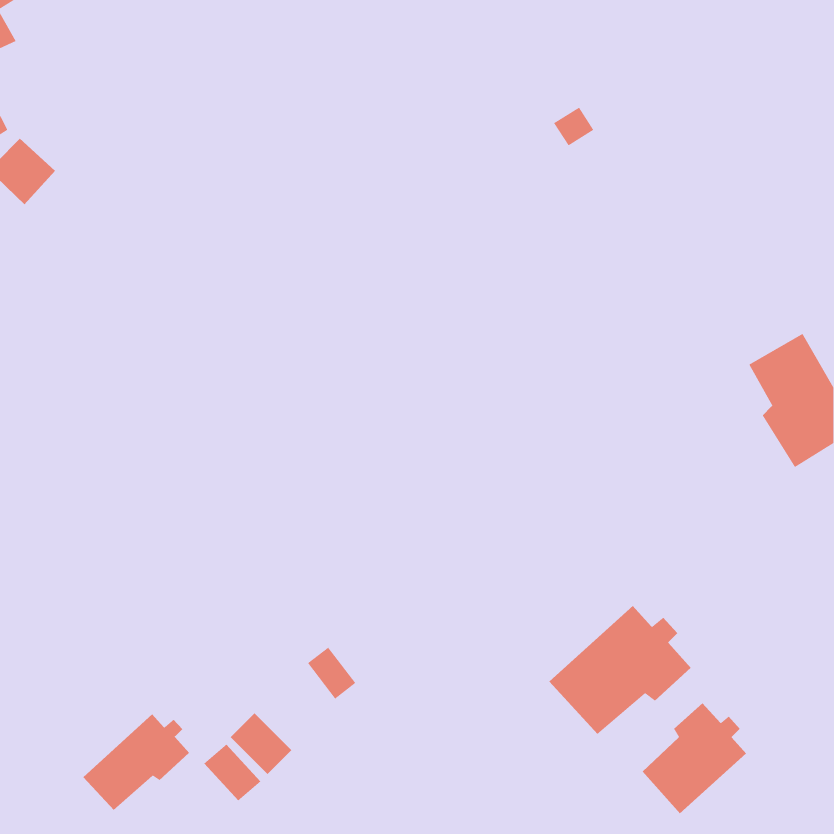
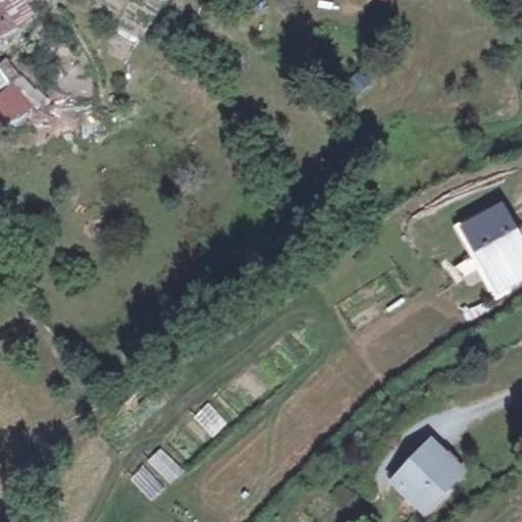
building: [549,605,691,735] -> none
building: [83,714,190,811] -> none

